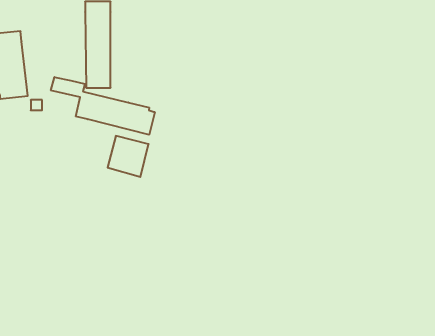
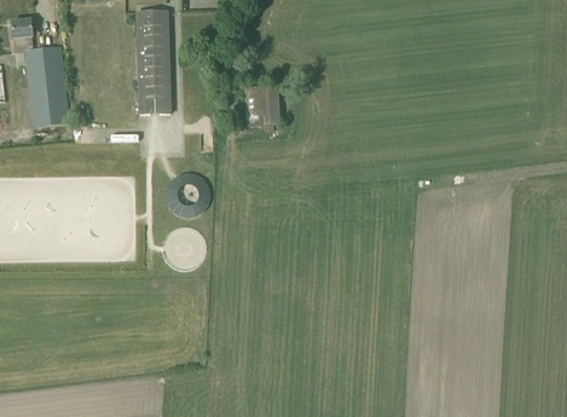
building: none -> [245,85,280,126]
building: [51,77,155,135] -> none

